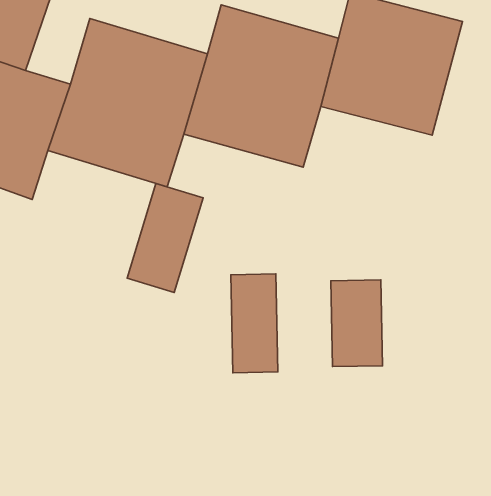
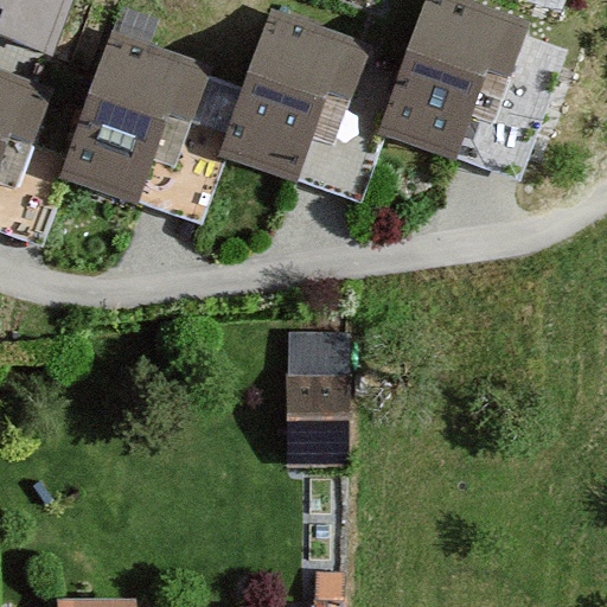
building: [127,183,203,292] -> none
building: [331,280,382,367] -> none

